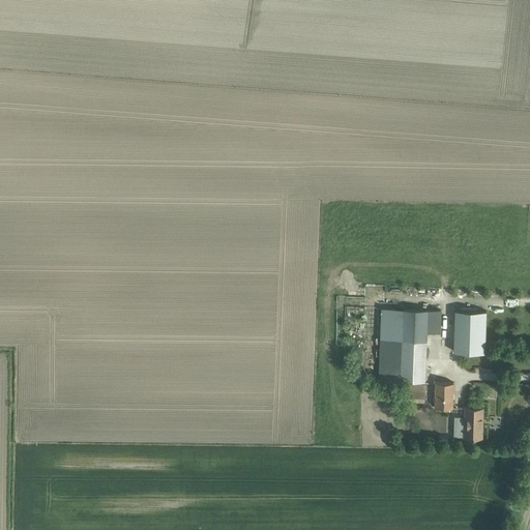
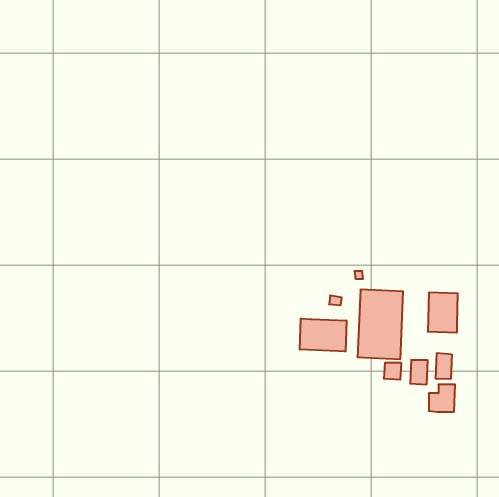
building: none -> [300,318,346,352]
building: none -> [436,353,452,379]

